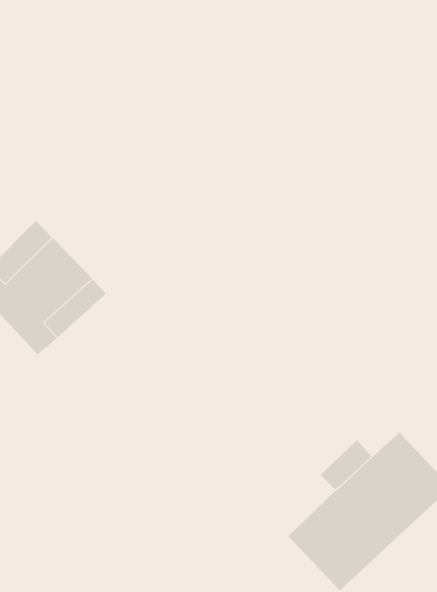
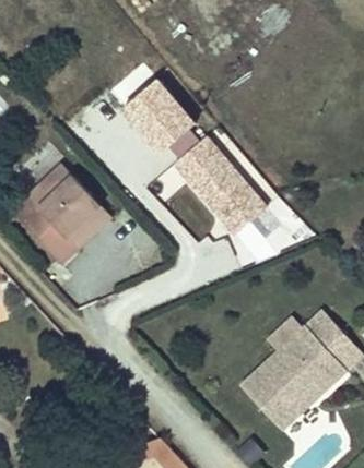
building: none -> [122,79,192,149]
building: none -> [173,135,266,232]

